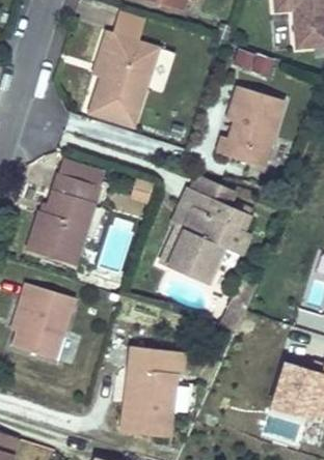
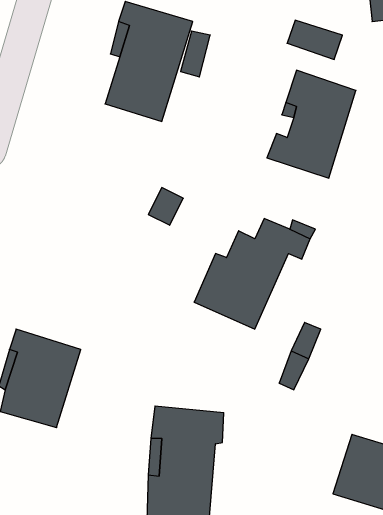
building: [26,153,107,265] -> none
building: [169,185,214,229] -> none

